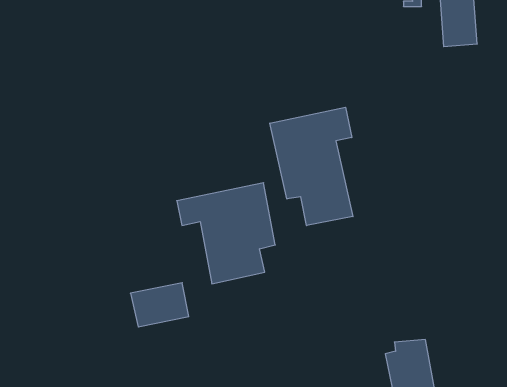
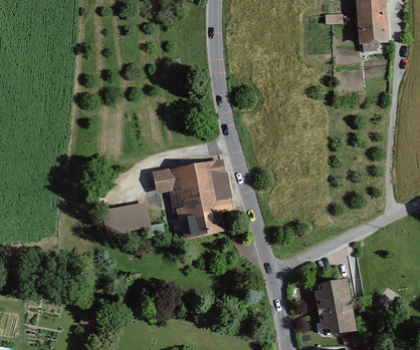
building: [270,107,353,226] -> none
building: [130,283,189,327] -> [108,202,153,236]

